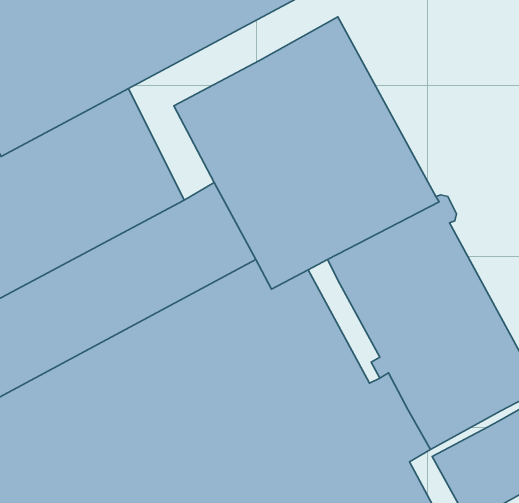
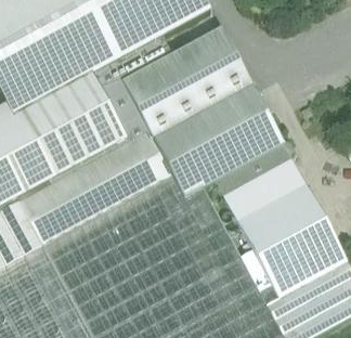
building: none -> [92,37,173,144]

